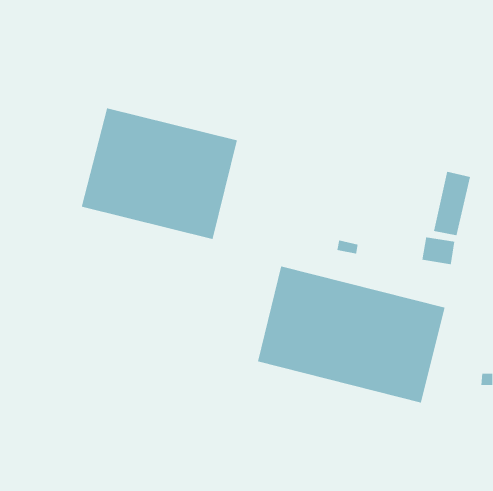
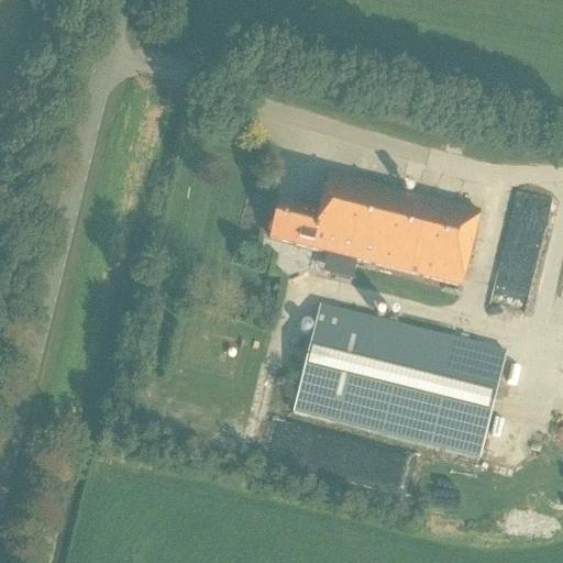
building: [81,108,238,240] -> none
building: none -> [269,170,482,285]

